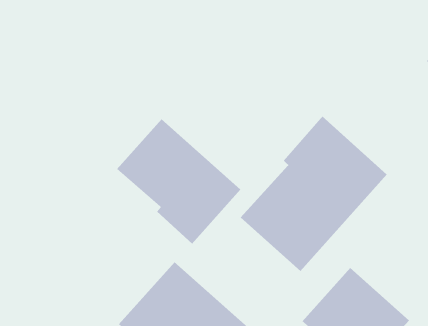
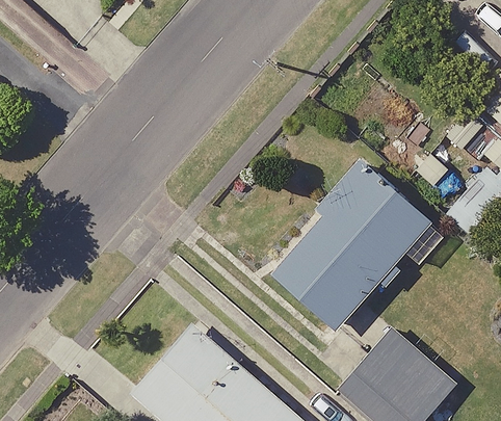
building: [116,118,241,245] -> none

